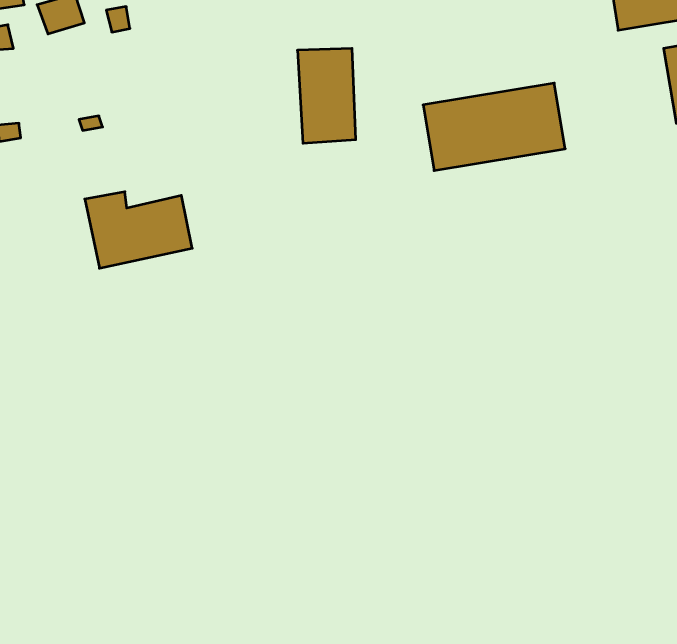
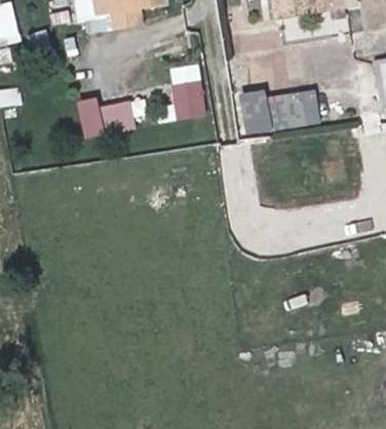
building: [85,192,192,268] -> [78,94,139,138]

